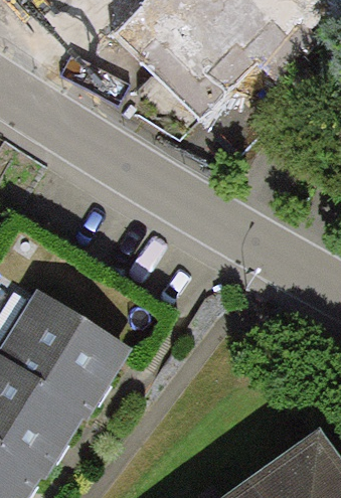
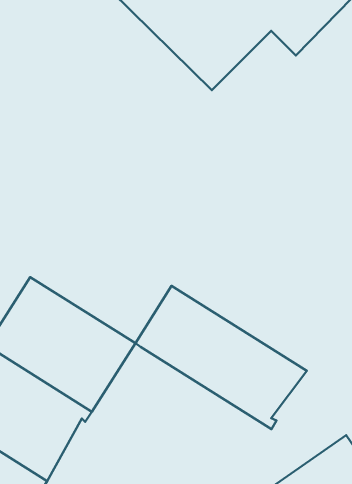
building: none -> [136,286,307,429]

